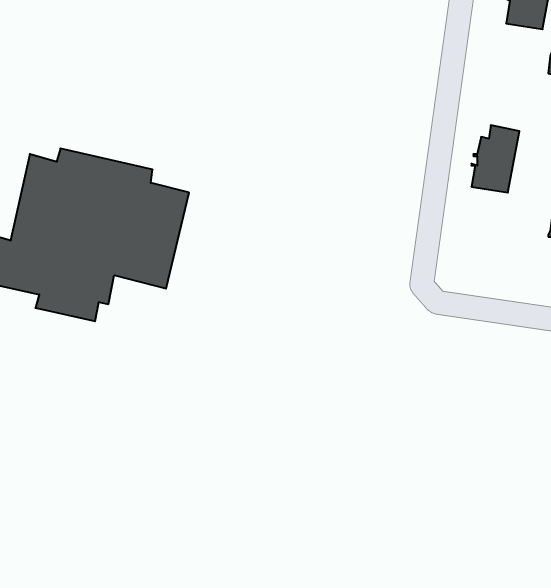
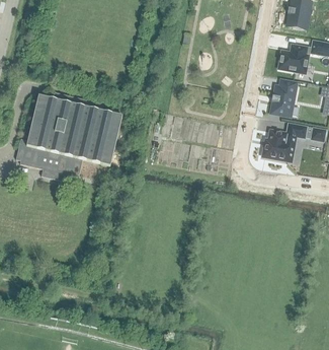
building: none -> [278,46,307,72]
building: none -> [263,122,306,160]

